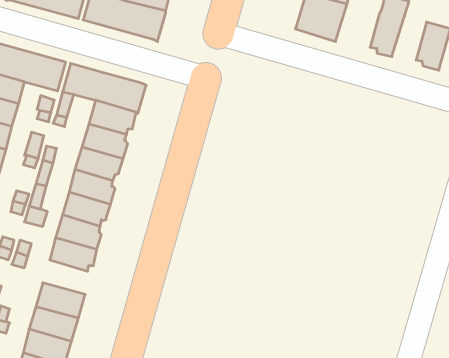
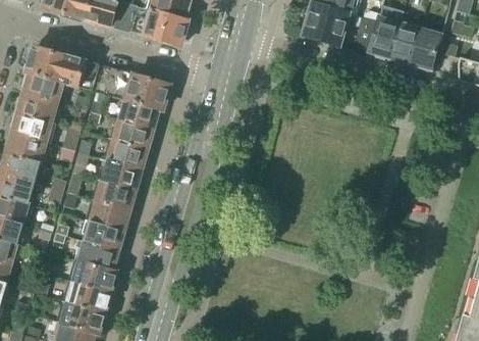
building: none -> [352,17,377,55]
building: none -> [388,25,419,64]
building: none -> [75,239,119,272]

